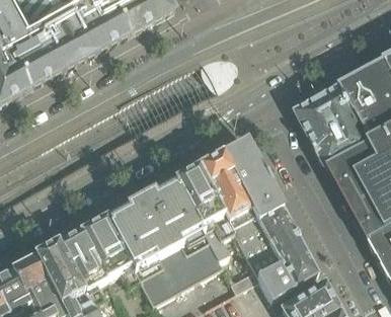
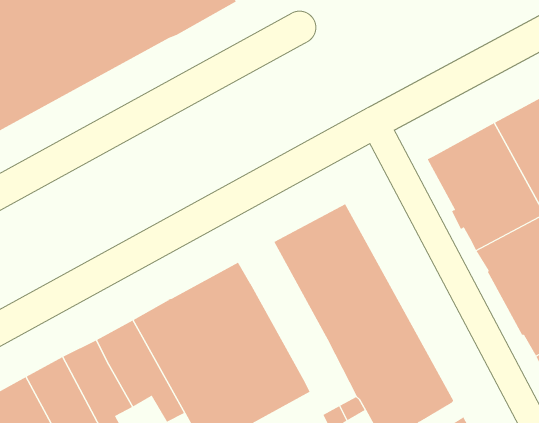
building: [175,167,234,258] -> none

